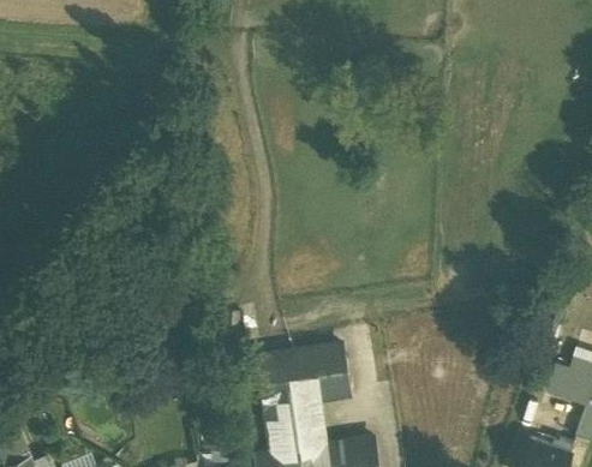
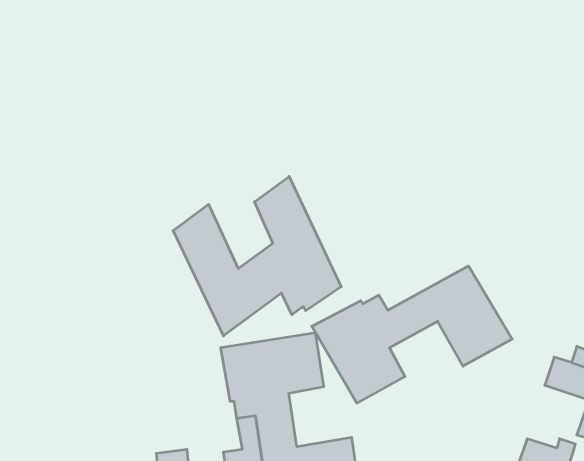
building: none -> [173,176,341,336]
building: none -> [312,266,512,403]

